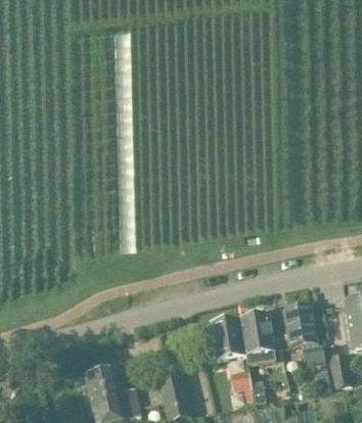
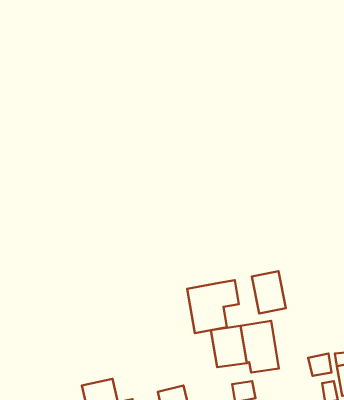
building: none -> [187,280,239,333]
building: [283,304,316,345] -> [252,271,286,314]

